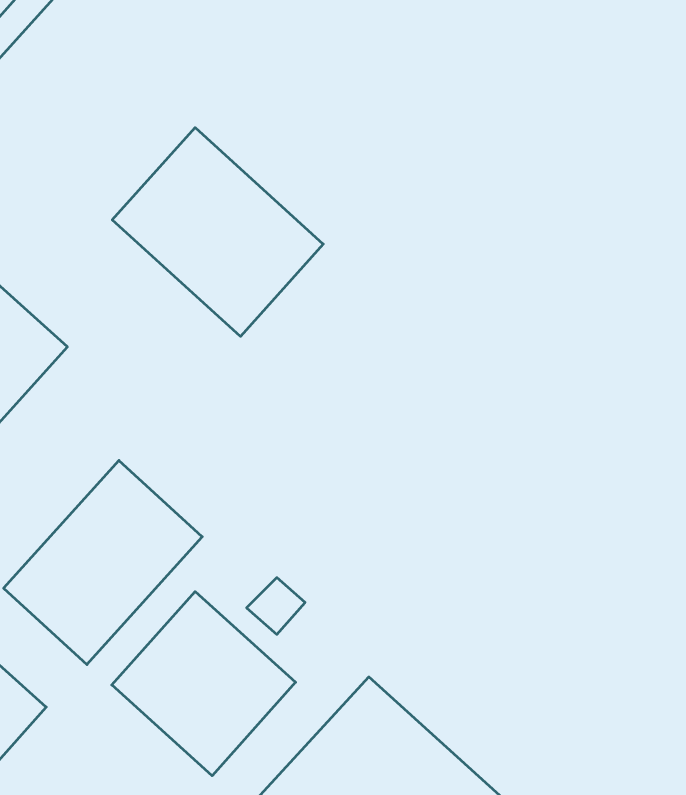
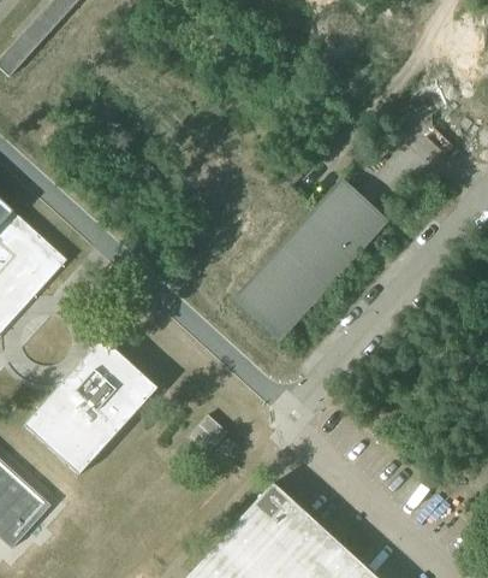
building: [112,128,323,336] -> none
building: none -> [230,182,380,338]
building: [112,592,296,776] -> none

